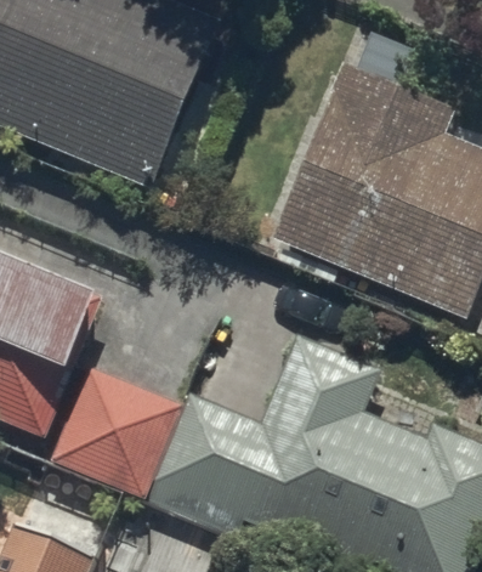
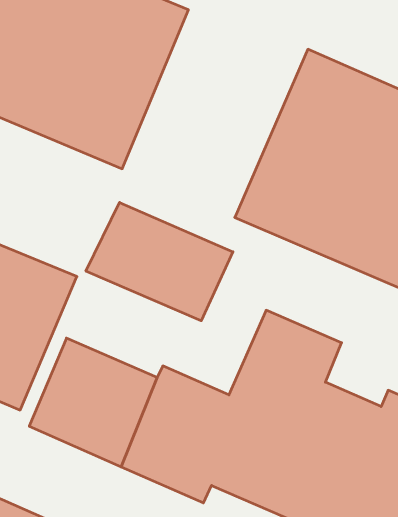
building: none -> [86,202,233,321]

